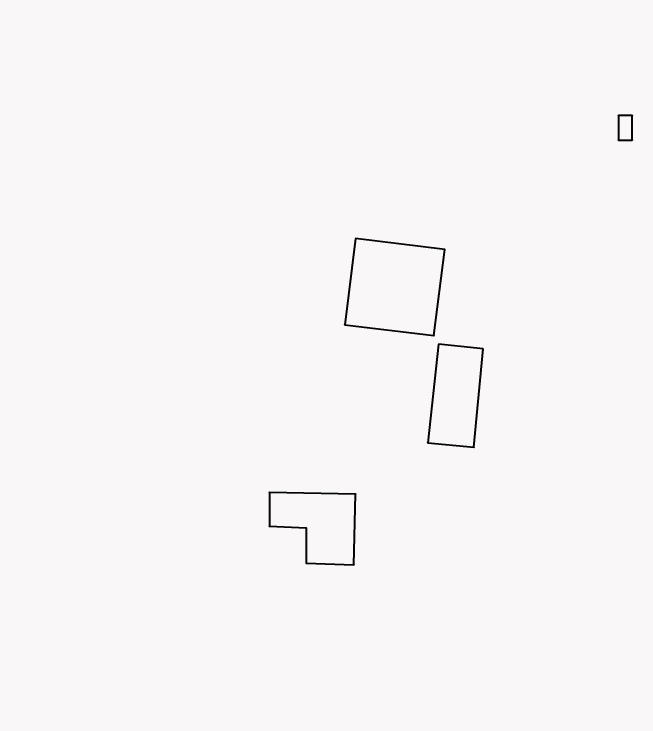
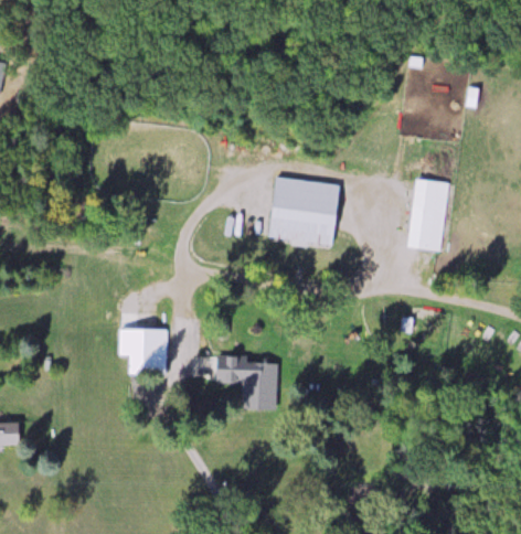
building: [428,344,483,447] -> [407,178,447,252]
building: none -> [129,329,167,374]

